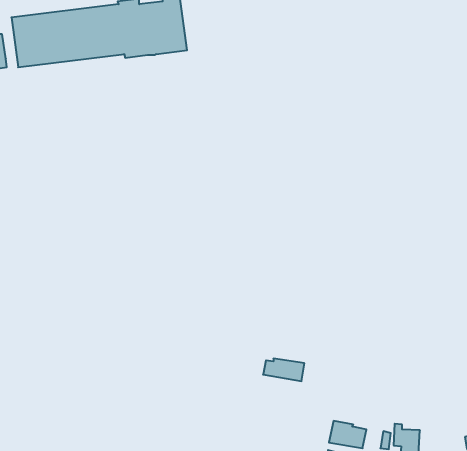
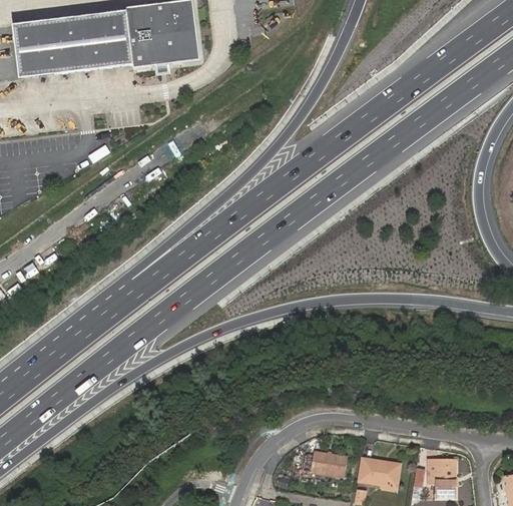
building: [263,359,304,381] -> [302,447,346,471]

